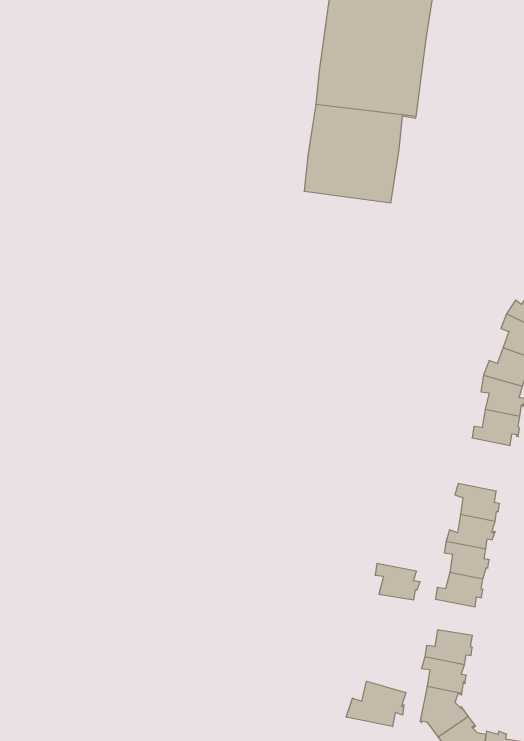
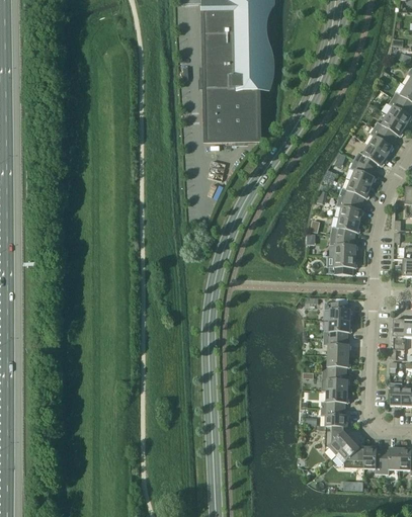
building: [375,563,420,600] -> [323,372,350,391]
building: [346,681,406,727] -> none

